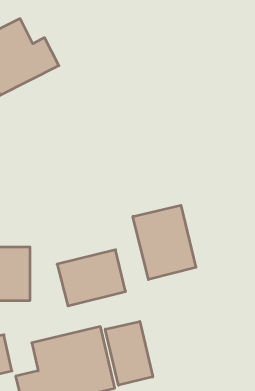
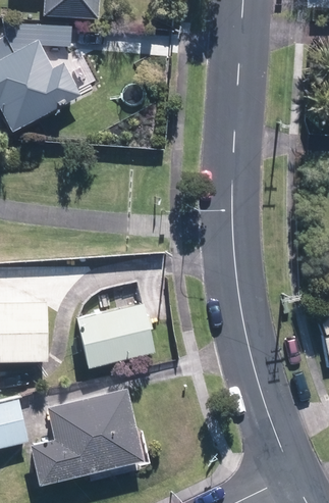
building: [133,205,196,280] -> none
building: [105,321,153,385] -> none

